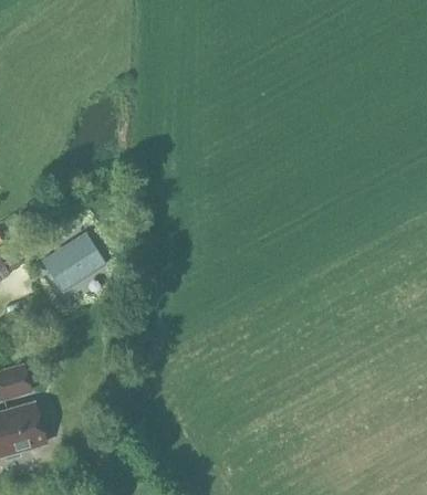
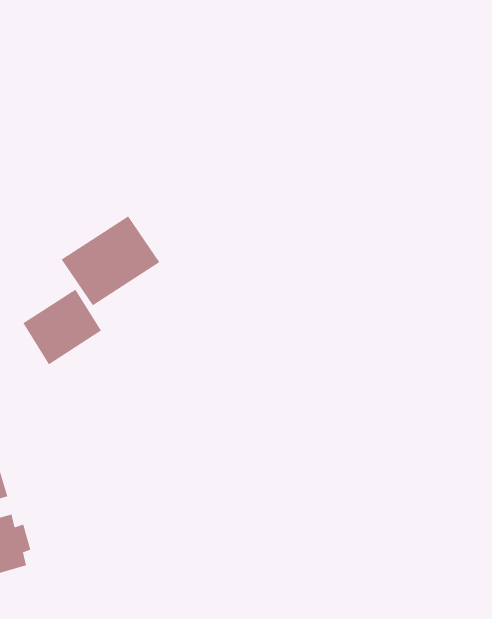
building: none -> [61,216,160,306]

